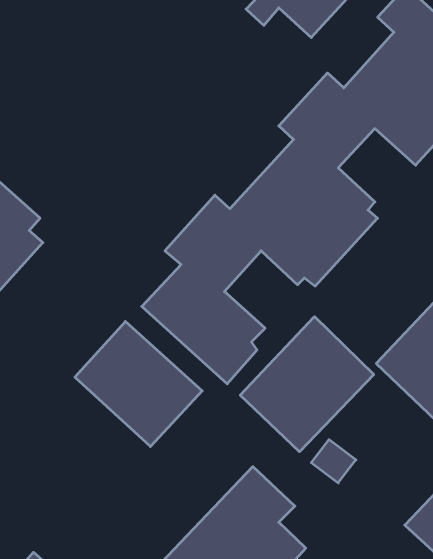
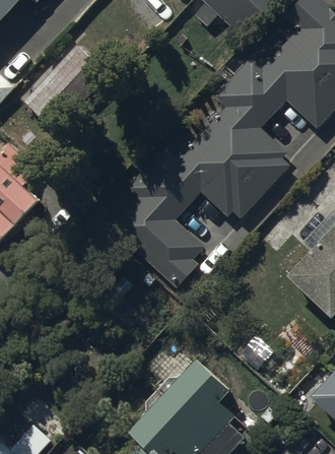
building: [240,317,374,452] -> none
building: [75,321,202,447] -> none

